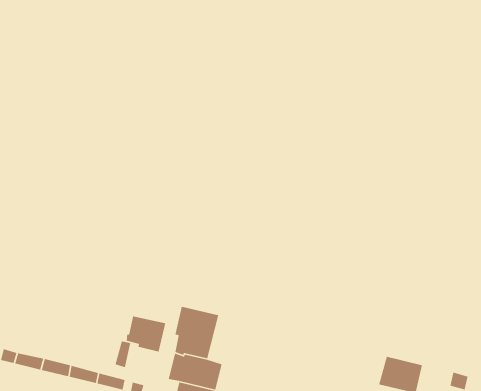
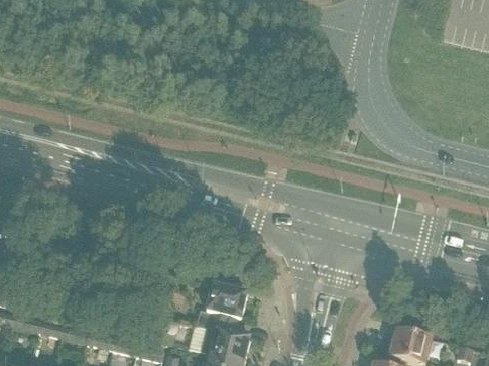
building: [126,315,166,352] -> none

